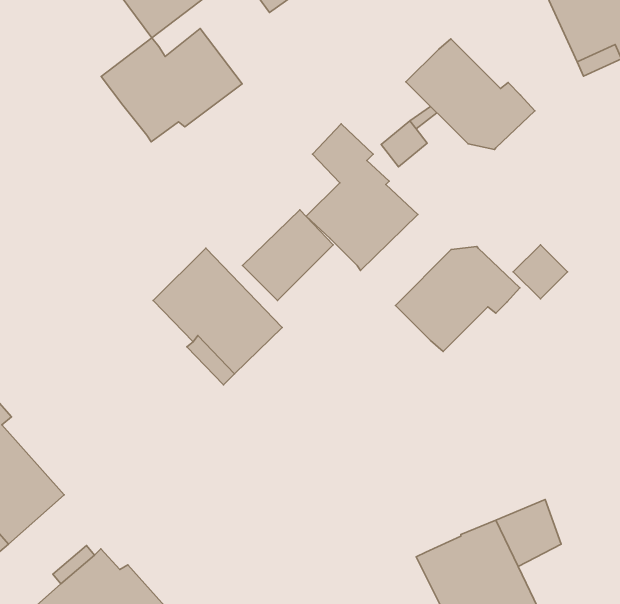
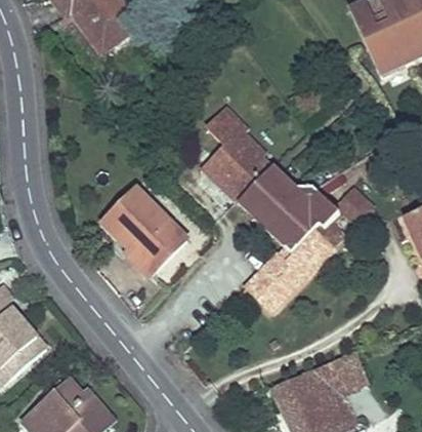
building: [101,28,242,142] -> none
building: [406,39,535,149] -> none
building: [243,210,333,300] -> [237,166,295,225]
building: none -> [244,223,343,311]

